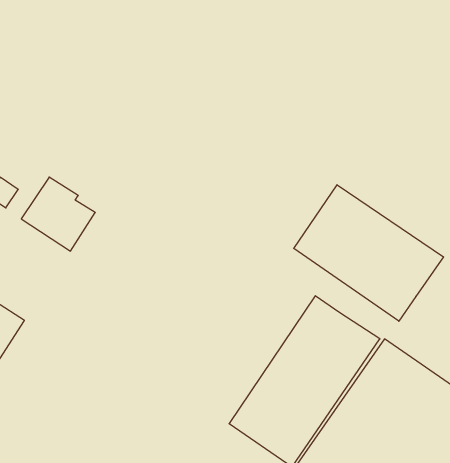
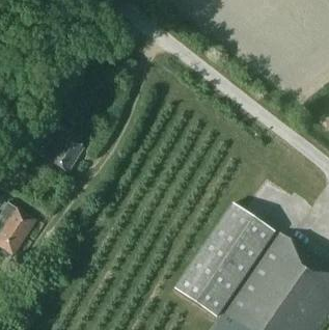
building: [294,185,444,321] -> none

